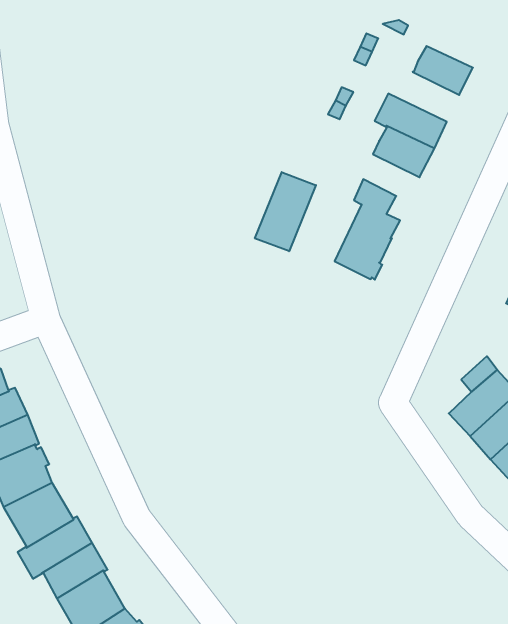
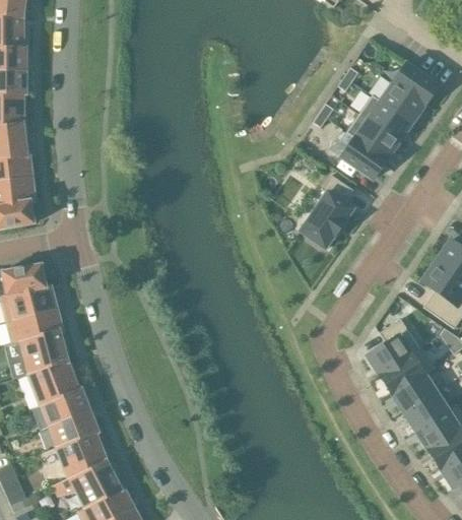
building: none -> [392,63,437,105]
building: none -> [358,94,410,141]
building: [255,172,316,251] -> none

